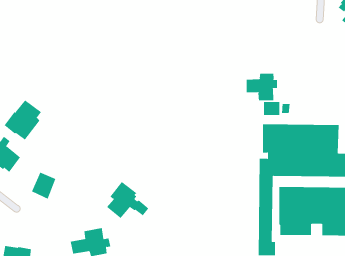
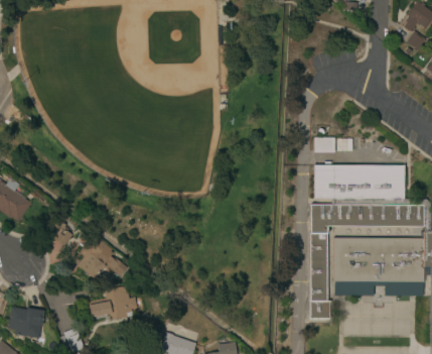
building: [246,73,278,101] -> none
building: [4,100,42,141] -> none
building: [106,181,149,219] -> [78,235,128,279]

